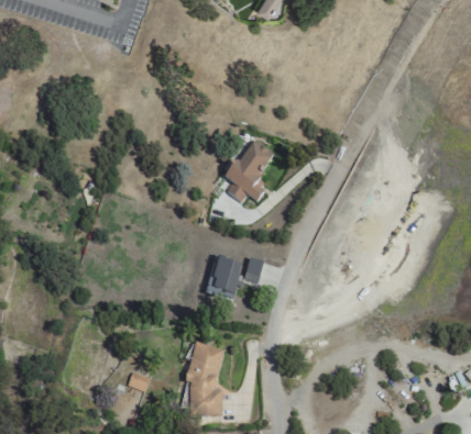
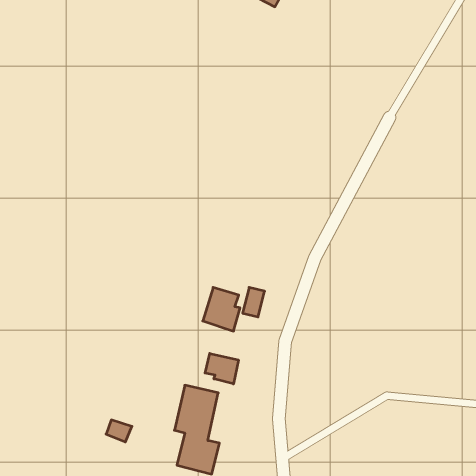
building: [227,141,275,203] -> none
building: none -> [205,353,238,384]

